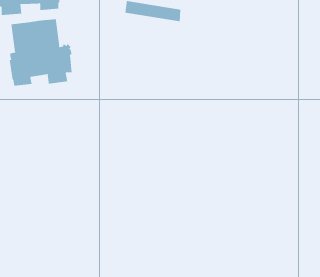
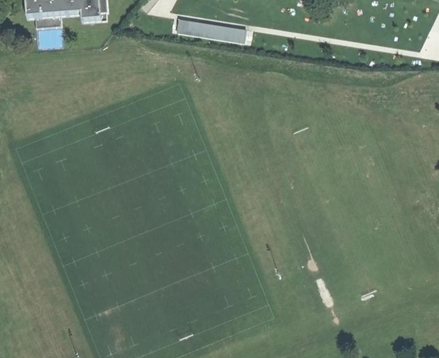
building: [9,18,72,87] -> none

